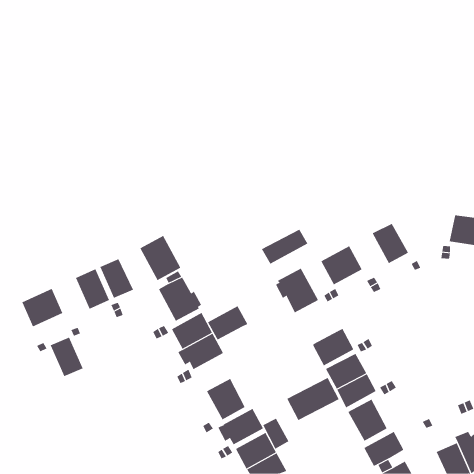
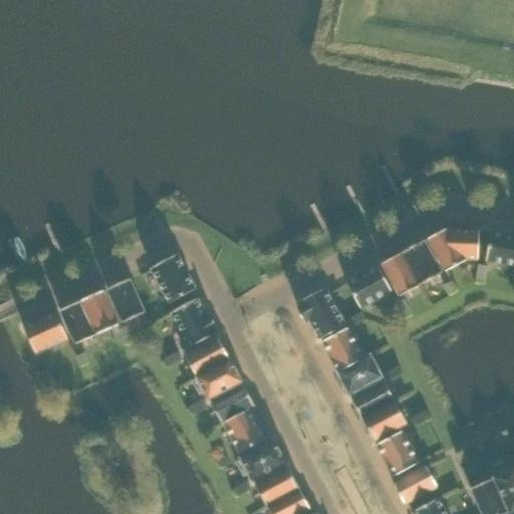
building: none -> [429,228,480,271]
building: [261,229,308,264] -> none
building: none -> [382,252,421,296]
building: none -> [323,327,365,371]
building: [207,306,248,341] -> [212,386,256,424]
building: [50,337,83,377] -> [61,300,97,343]
building: [287,377,340,421] -> none
building: [263,418,289,449] -> none

